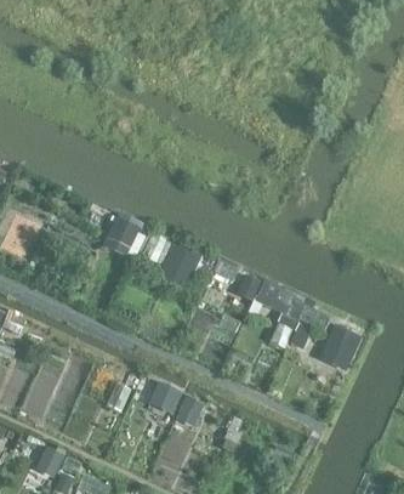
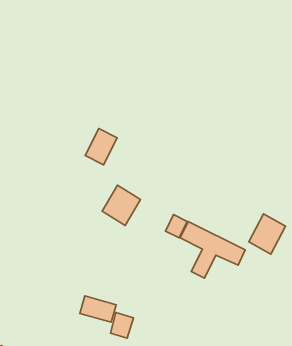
building: [102,212,140,256] -> [85,129,117,165]
building: [319,323,363,371] -> [249,214,286,254]

